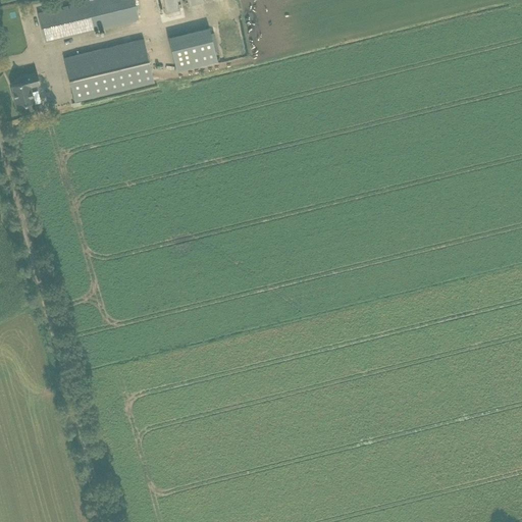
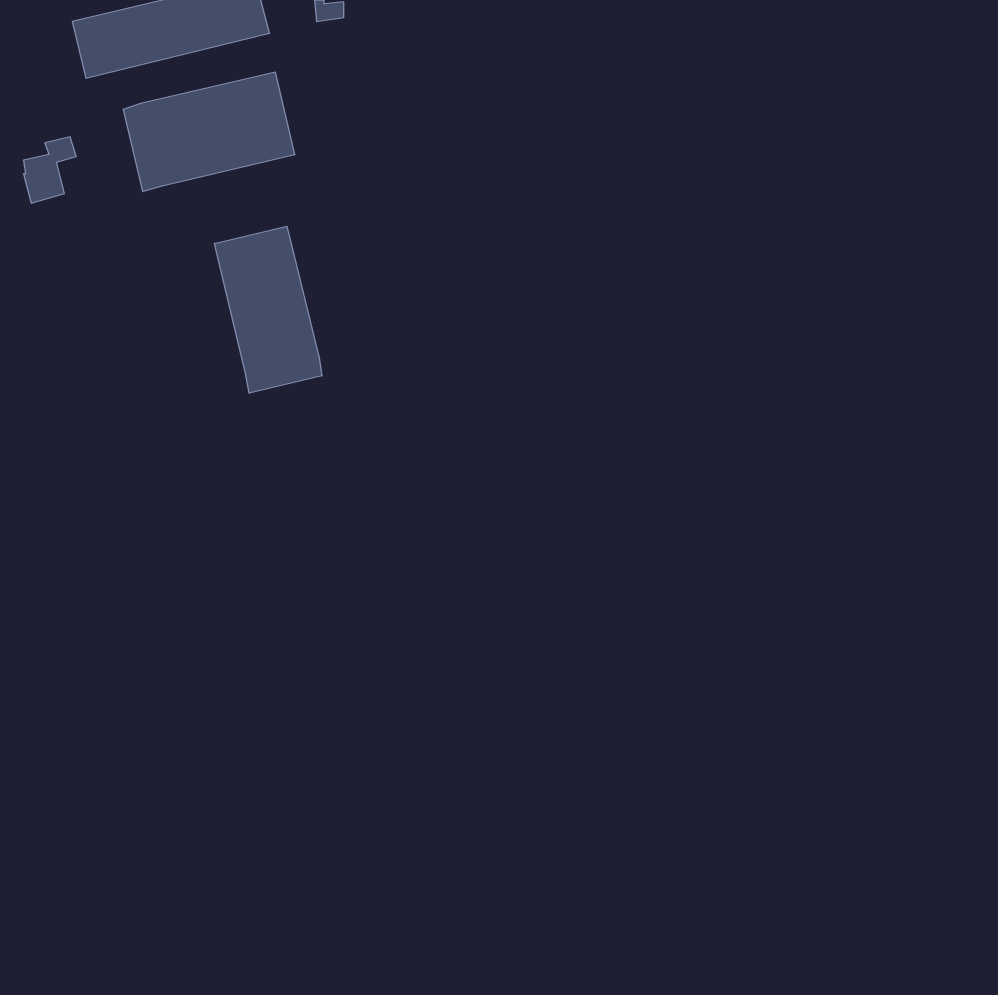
building: [170,29,217,69] -> none
building: none -> [214,226,322,393]

